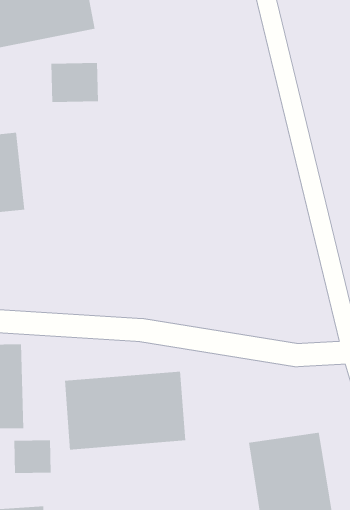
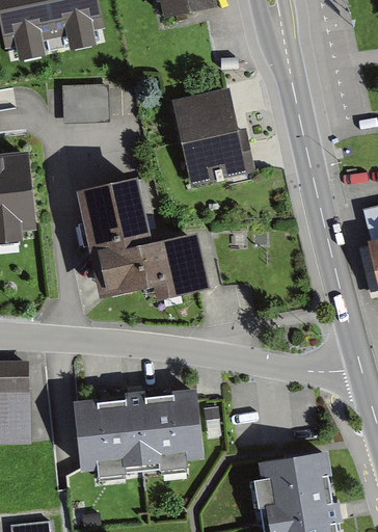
building: none -> [179,89,251,186]
building: none -> [72,168,204,291]
building: [14,439,51,474] -> none

